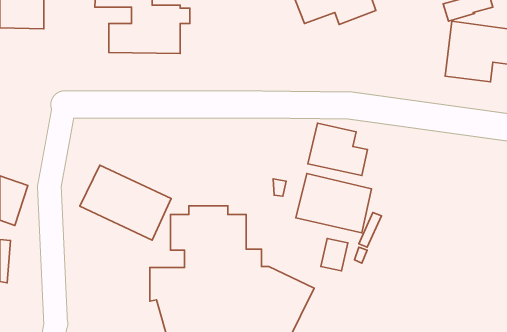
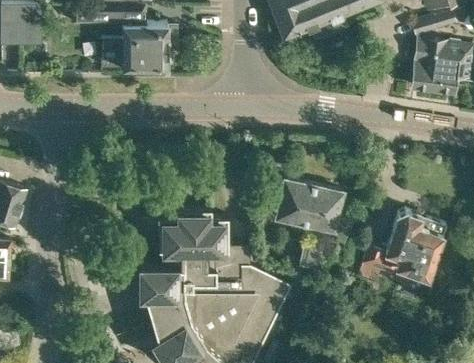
building: [308,123,368,175] -> none
building: [80,165,171,240] -> none
building: none -> [357,211,446,284]

